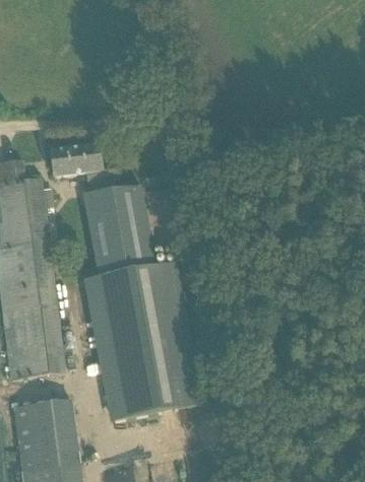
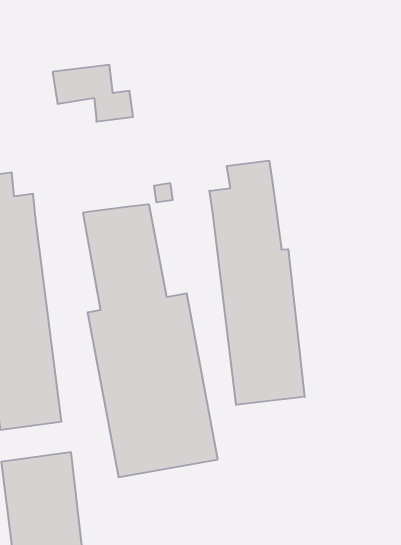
building: [51,144,120,193] -> [53,65,133,122]
building: none -> [209,161,305,405]

